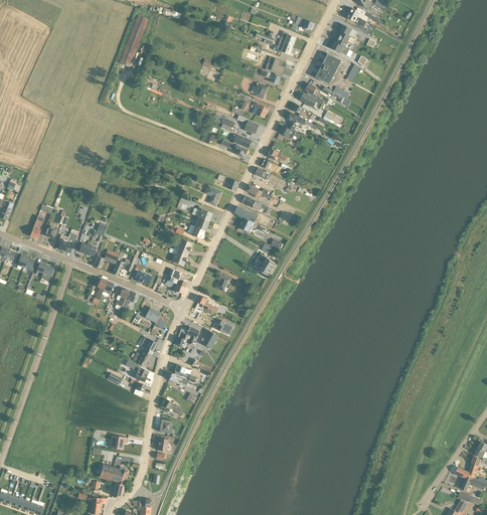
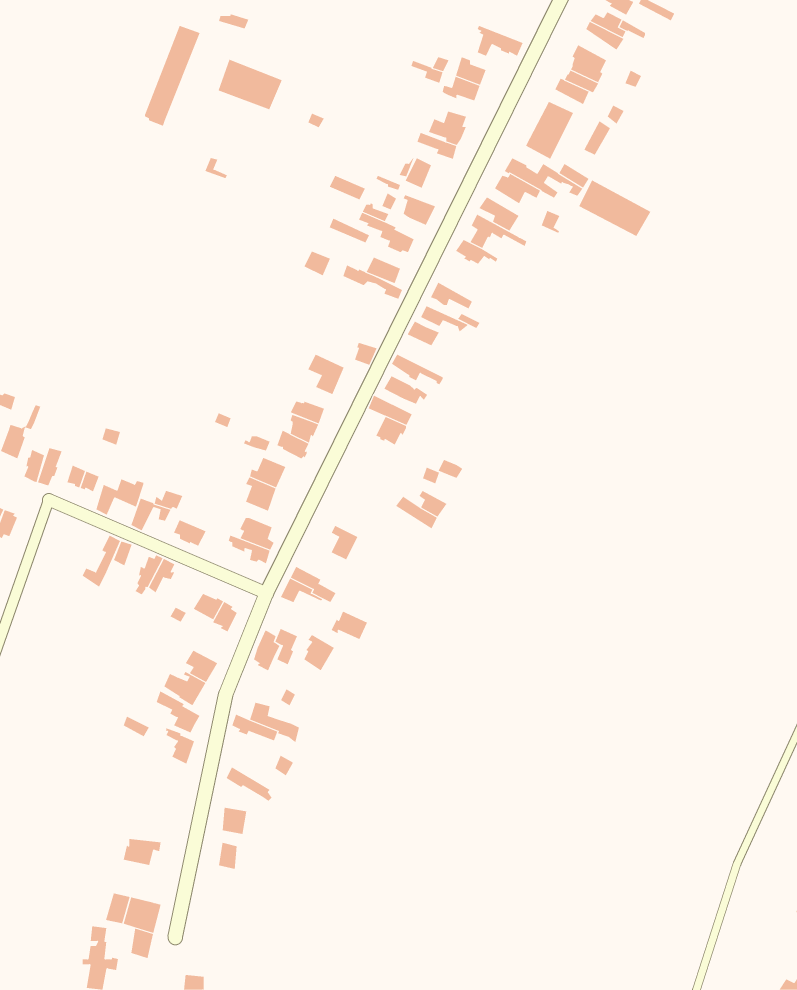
building: none -> [218,59,283,110]
building: none -> [579,180,651,237]

